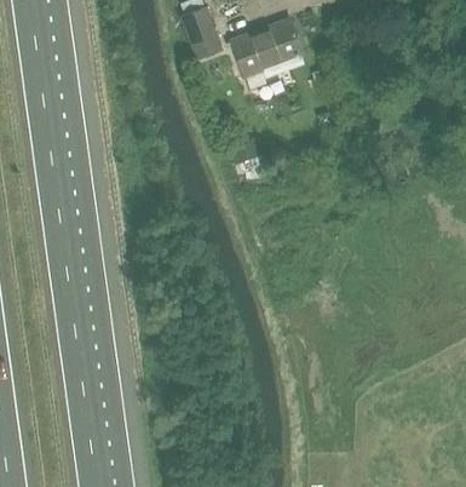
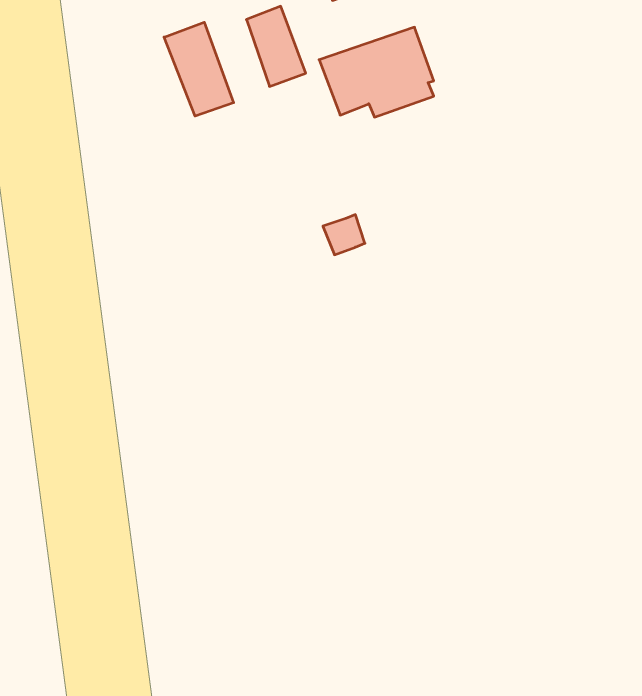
building: none -> [164,22,234,116]

